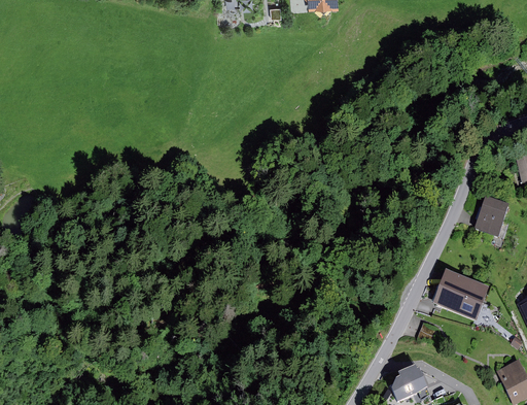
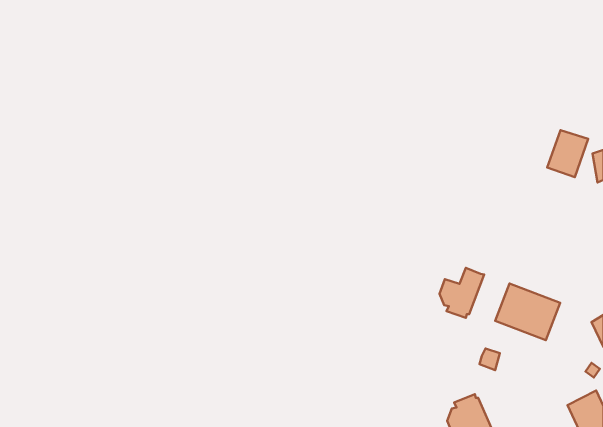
building: [475,196,510,236] -> [547,130,588,177]
building: none -> [440,268,484,318]

